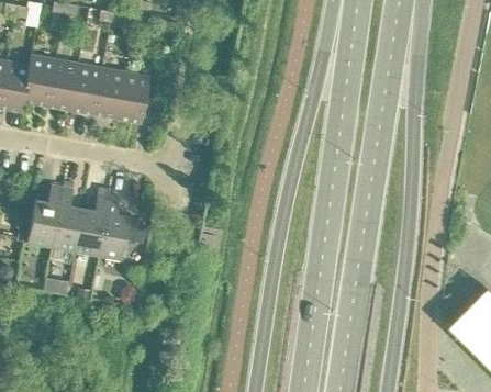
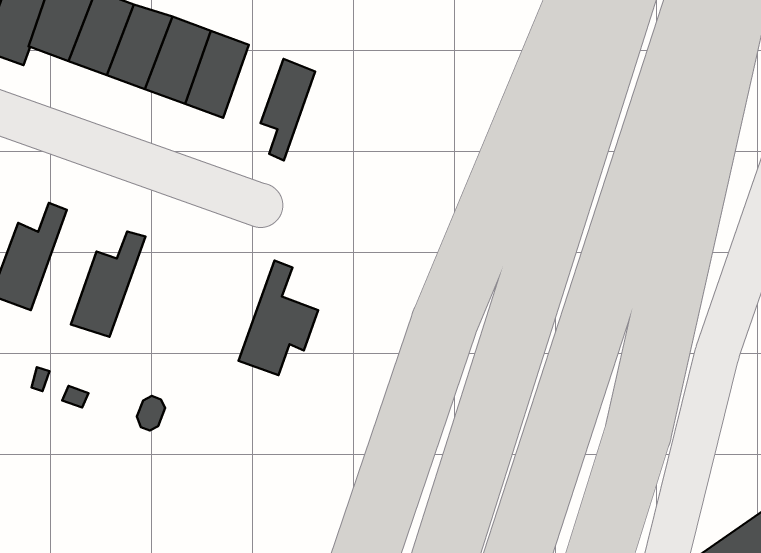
building: none -> [260,59,315,160]
building: [49,187,81,251] -> none
building: [97,194,137,259] -> [238,260,318,375]

